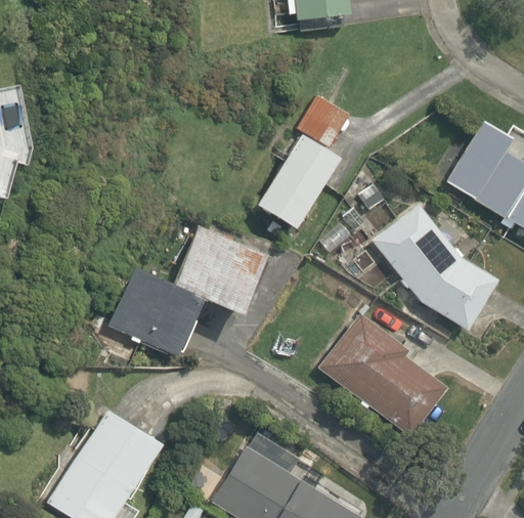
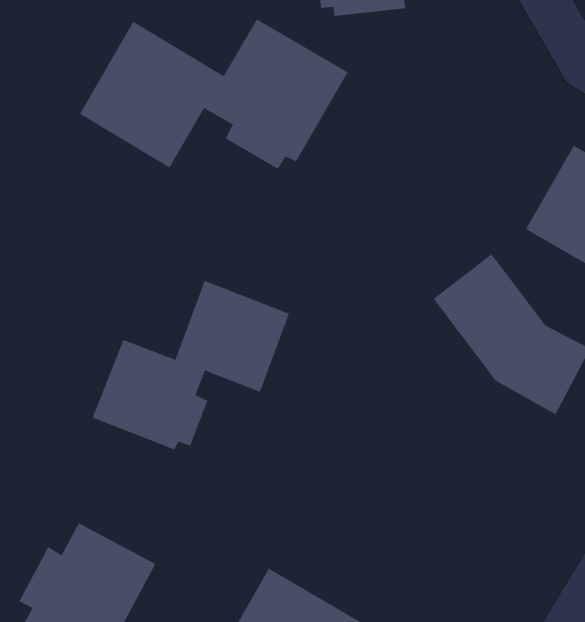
building: none -> [79,19,349,170]
building: [258,94,354,230] -> none
building: [320,315,442,437] -> none

